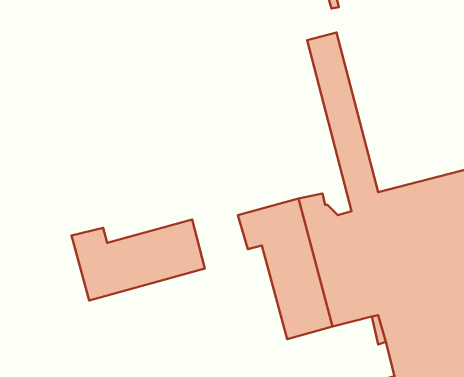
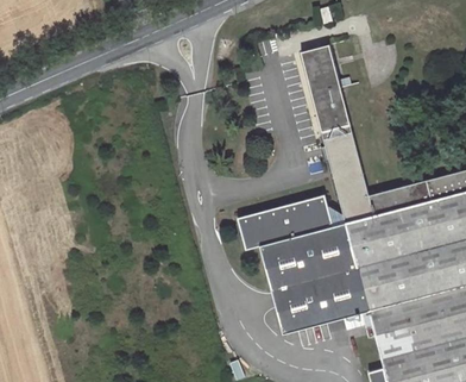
building: [72,220,205,300] -> none

